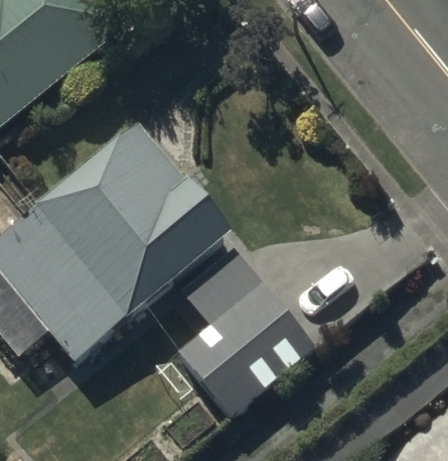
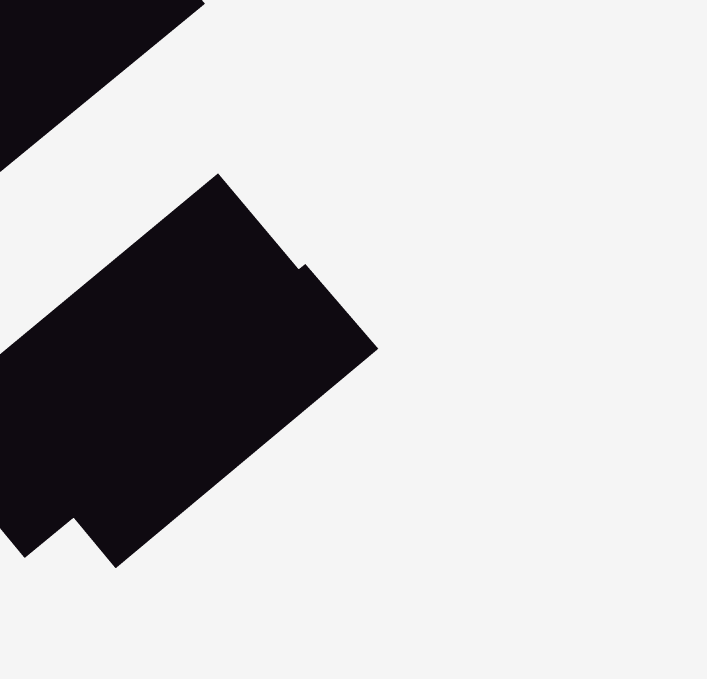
building: [176,248,313,416] -> none

